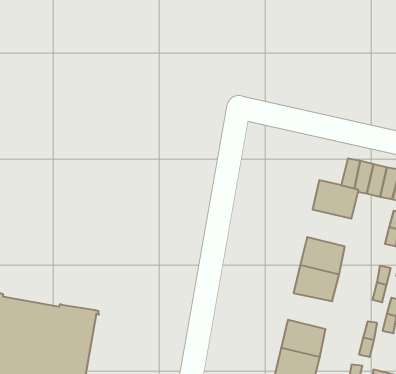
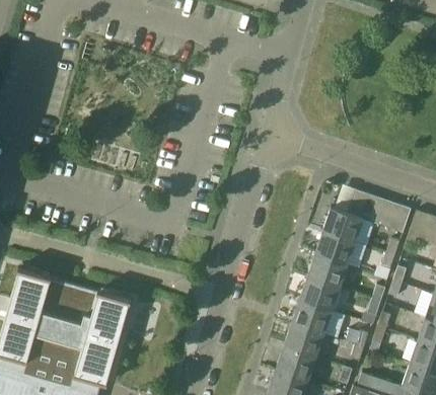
building: none -> [313,239,353,273]
building: none -> [290,309,330,342]

